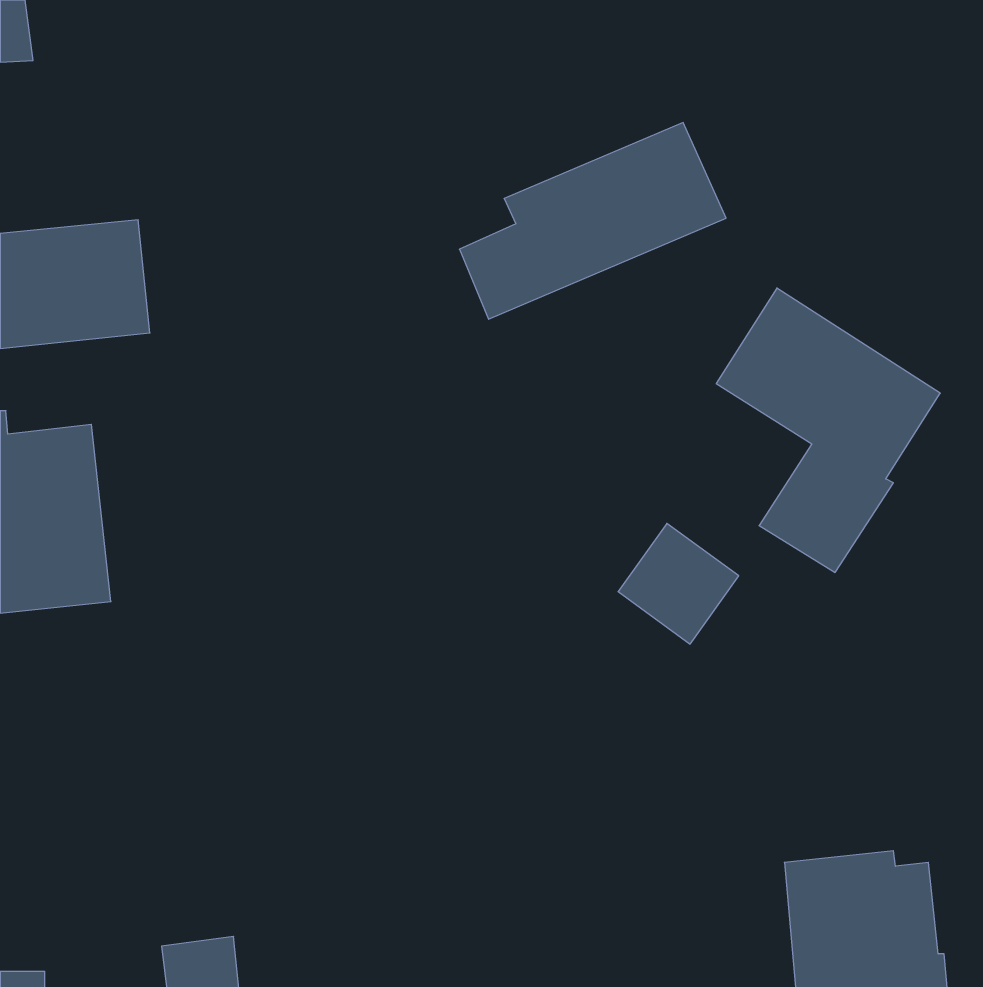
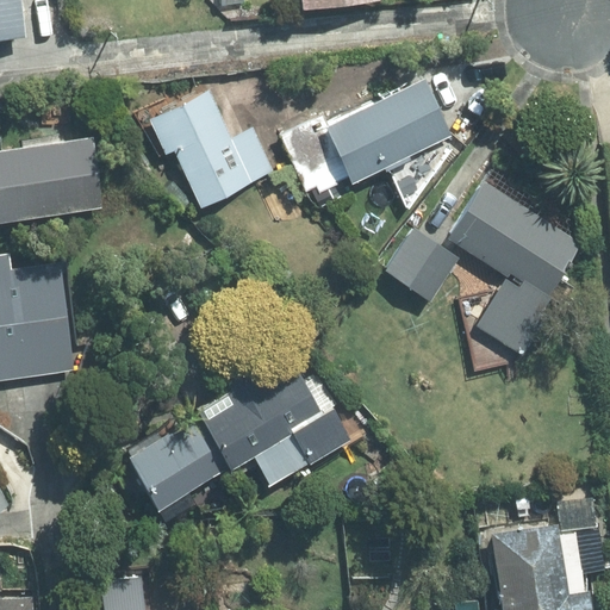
building: none -> [148,94,279,208]
building: [618,523,739,644] -> [384,229,458,303]
building: none -> [118,365,349,509]

